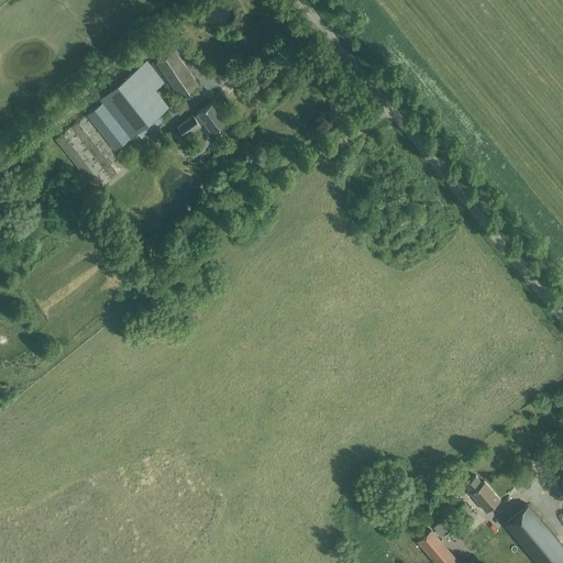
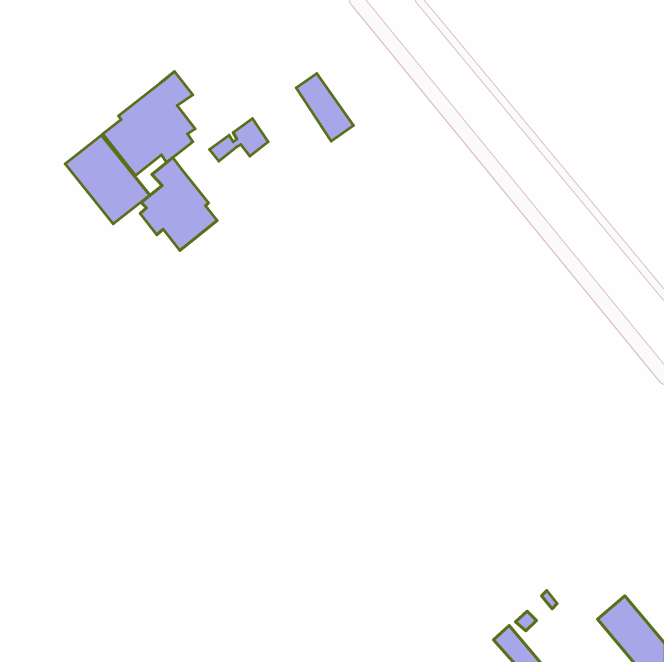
building: [152,43,200,100] -> [296,73,353,141]
building: none -> [140,158,217,250]
building: [465,477,500,514] -> none

